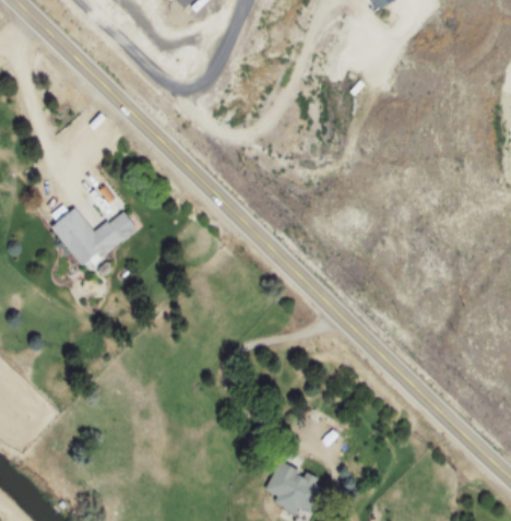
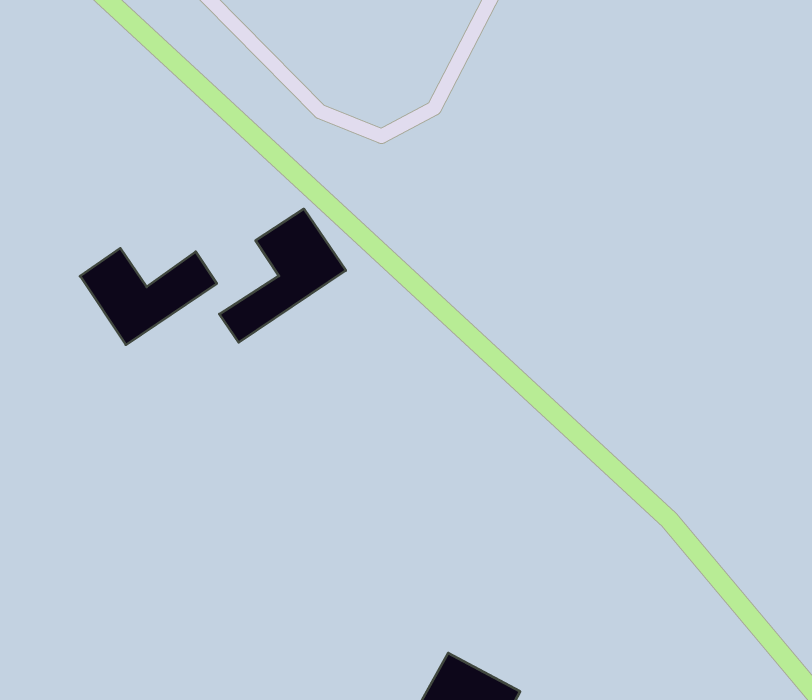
building: none -> [219,209,346,342]

